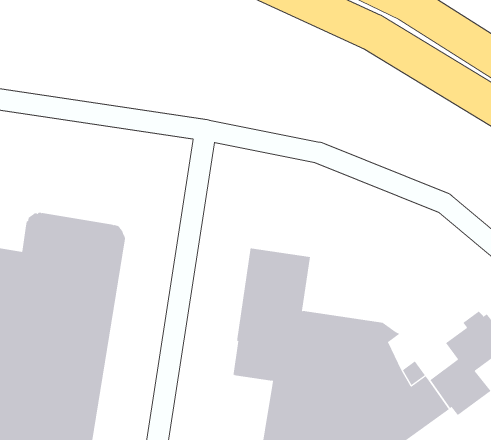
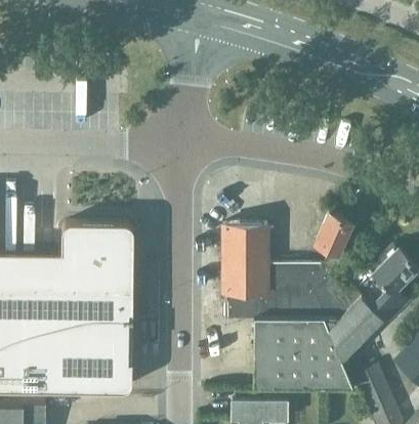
building: none -> [315,214,352,271]

